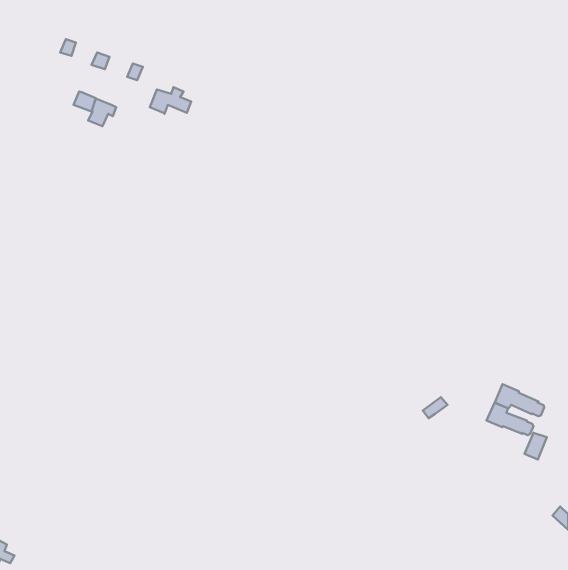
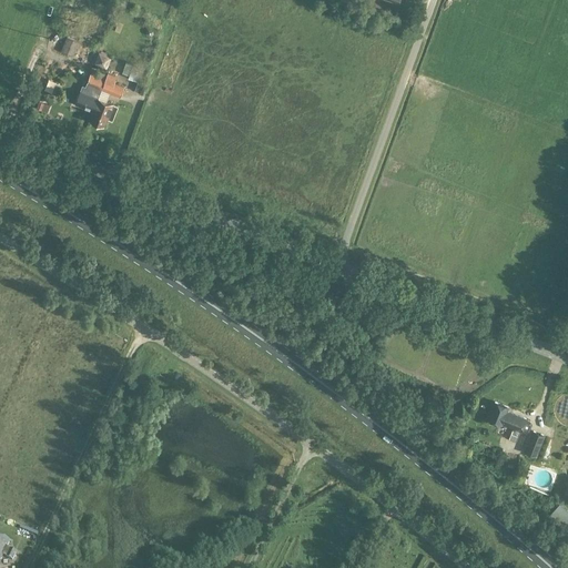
building: [150,87,191,114] -> [82,72,123,99]
building: [495,384,544,416] -> none

